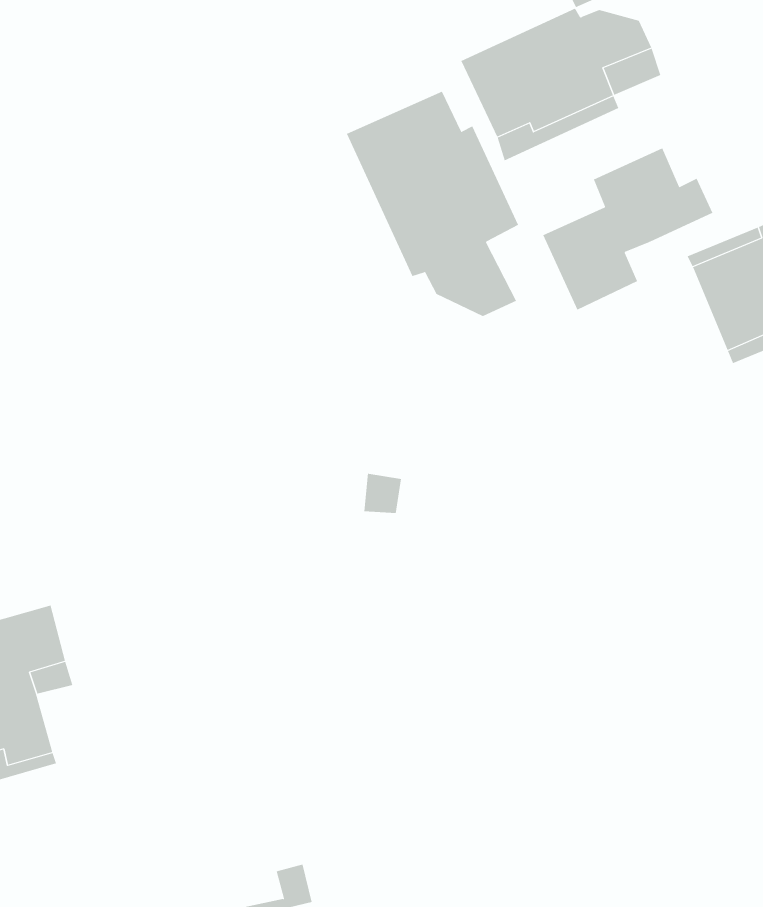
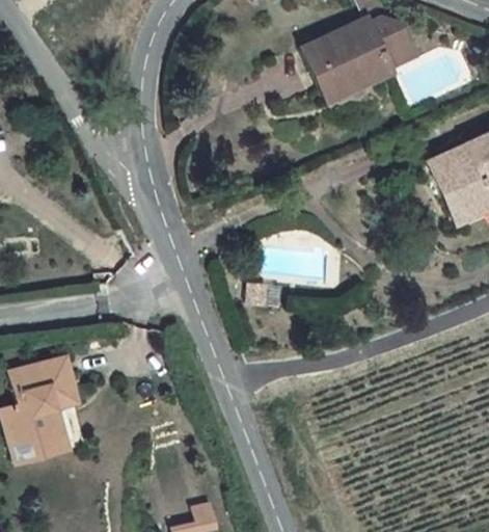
building: [346,91,519,317] -> none
building: [543,147,713,311] -> none

